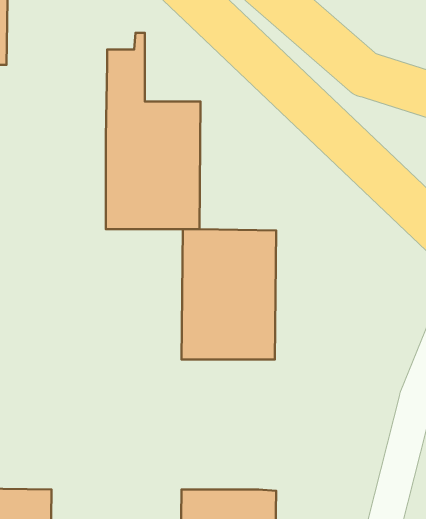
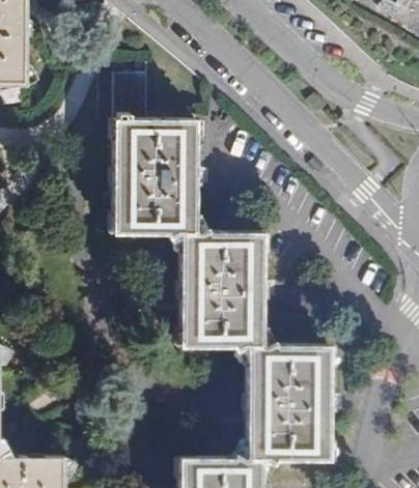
building: none -> [247,345,331,460]

